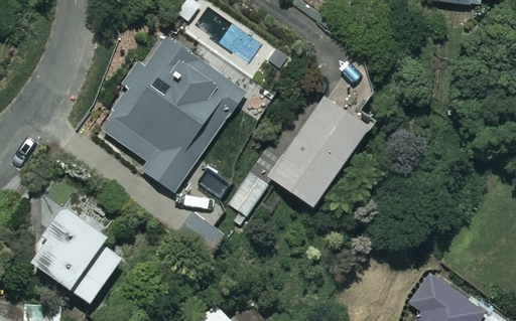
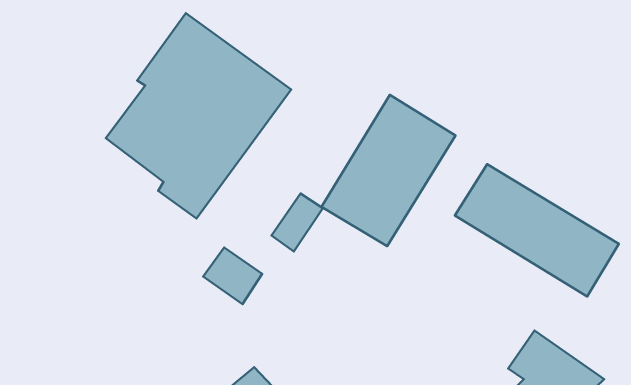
building: none -> [455,164,619,297]
building: [27,192,120,301] -> none

